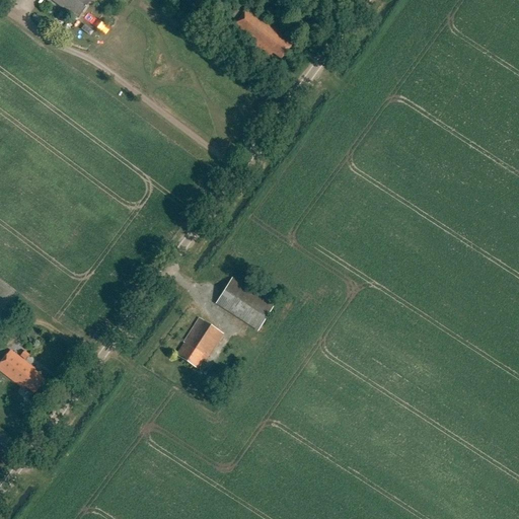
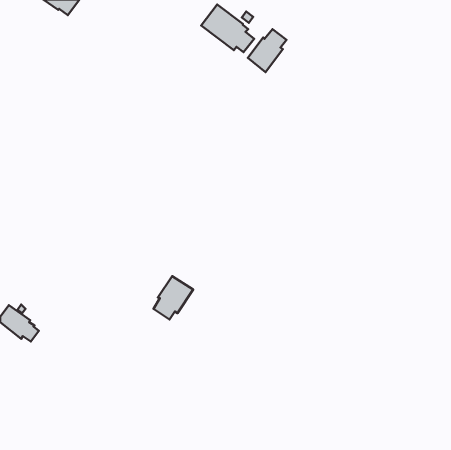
building: none -> [248,29,286,72]
building: [215,277,275,330] -> none

